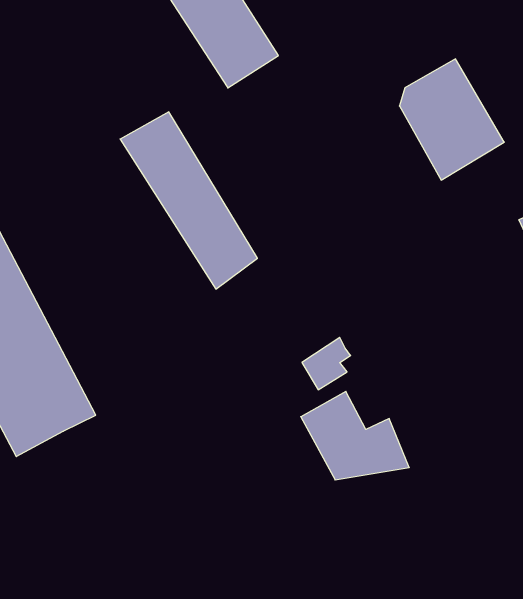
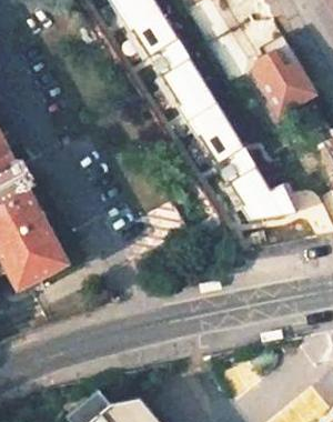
building: [120,112,257,289] -> [161,63,245,172]
building: [301,391,409,480] -> [230,172,296,227]

